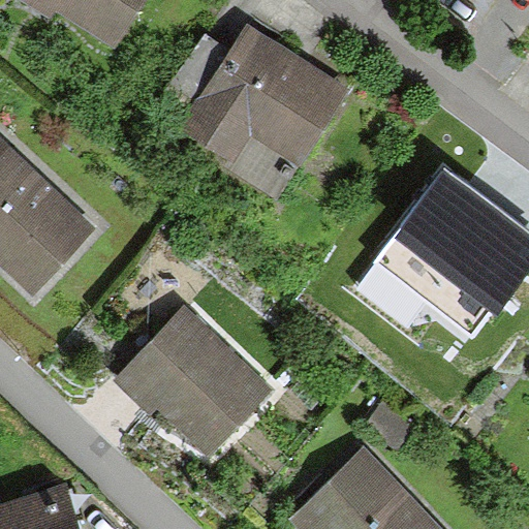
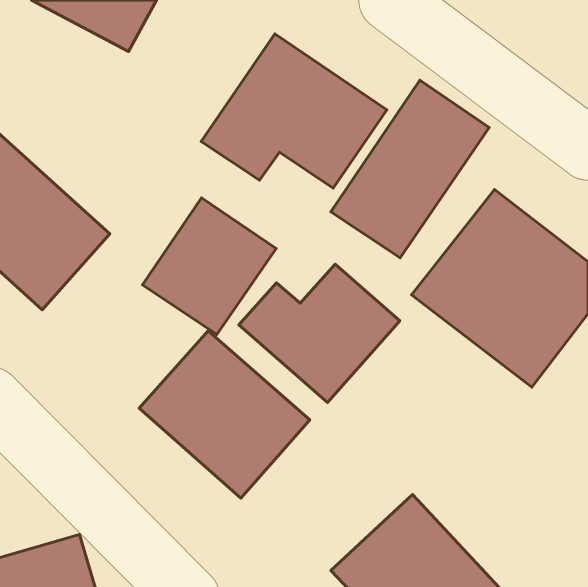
building: none -> [331,80,489,258]
building: none -> [143,198,276,335]
building: none -> [239,264,400,402]

